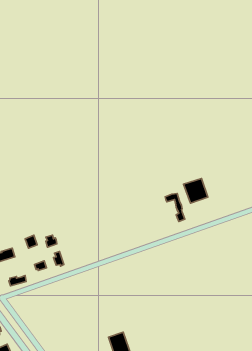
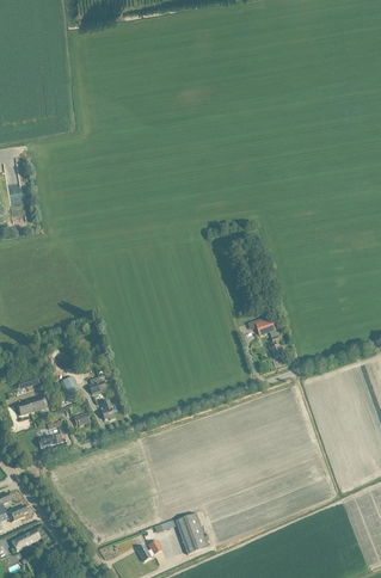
building: [183,179,208,203] -> none

